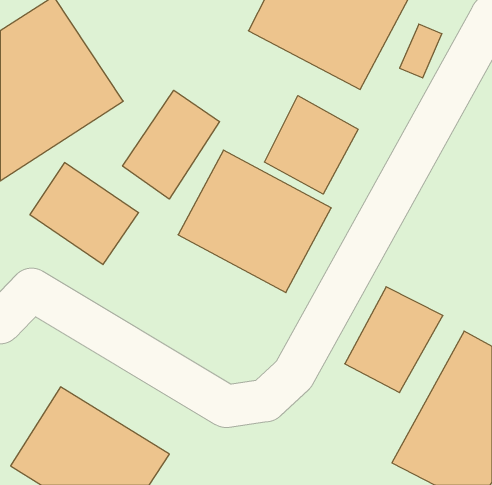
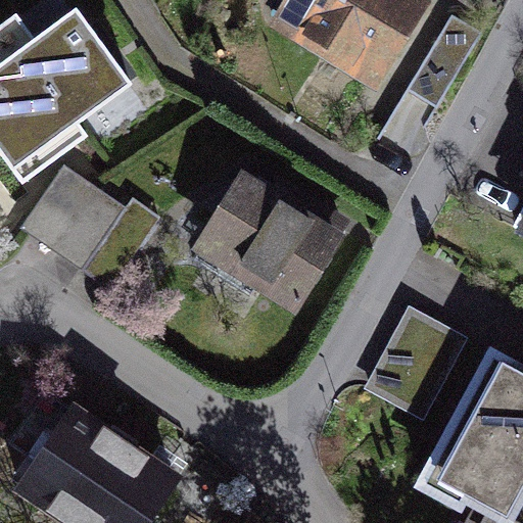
building: [123,90,220,199] -> none
building: [264,96,358,194] -> none

